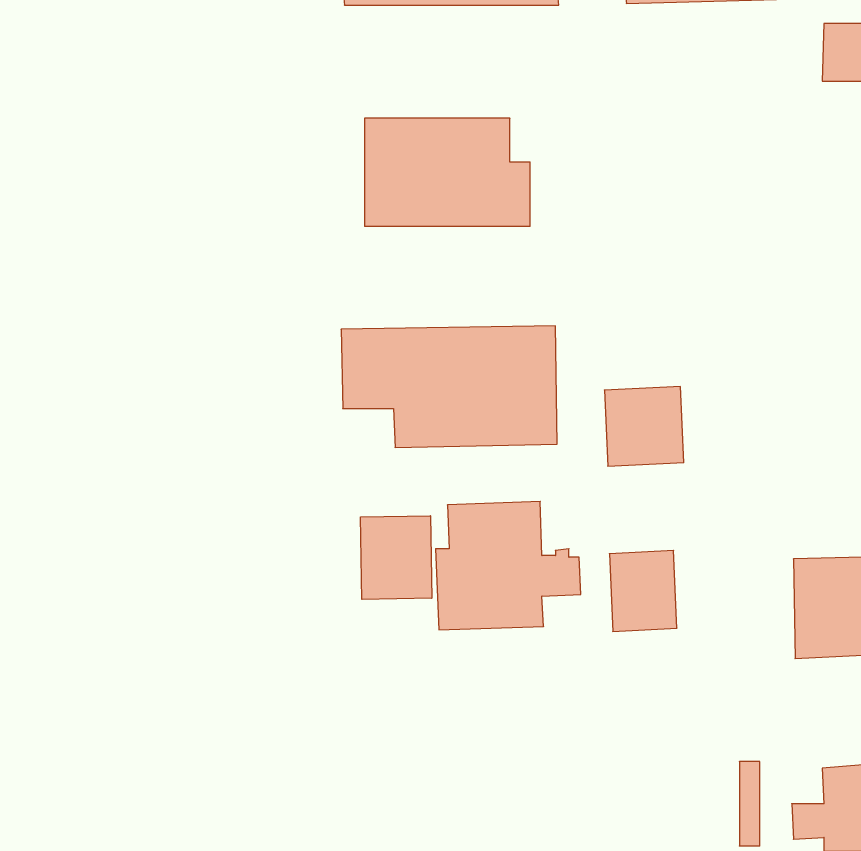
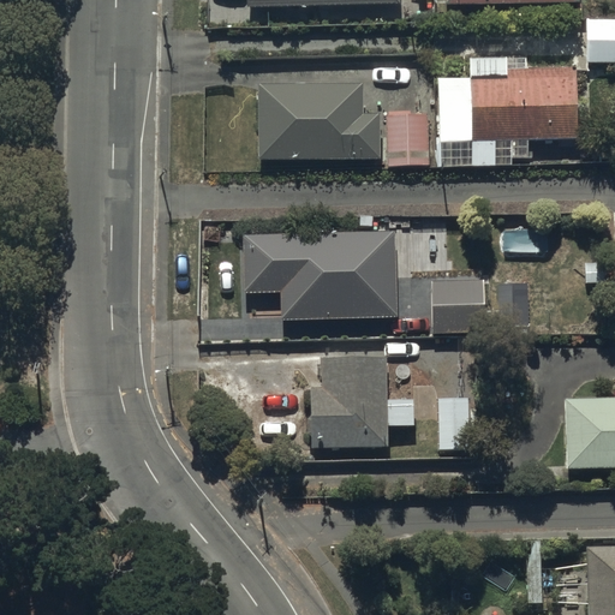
building: none -> [438,58,578,155]
building: none -> [387,109,429,165]
building: [361,516,432,599] -> none

